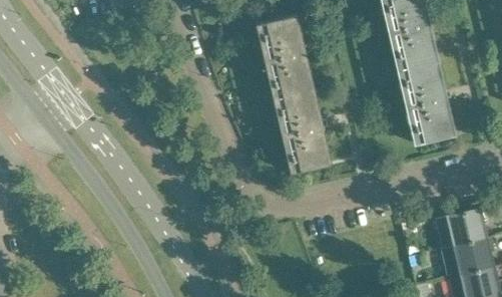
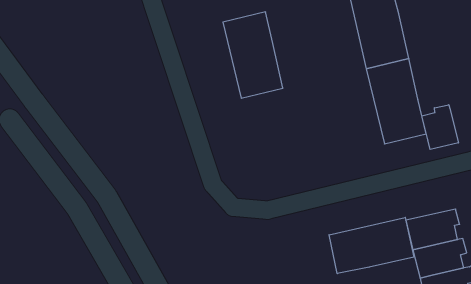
building: [274,90,333,175] -> none
building: none -> [422,105,458,149]
building: none -> [329,217,414,274]

